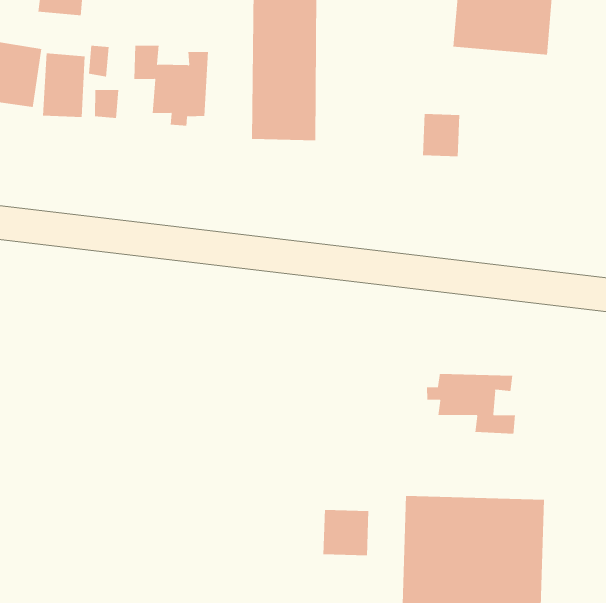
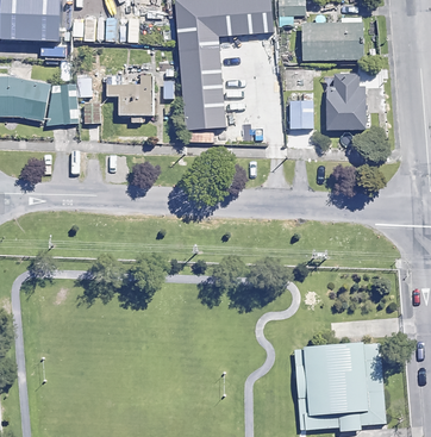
building: none -> [329,75,368,131]
building: [427,373,516,435] -> none
building: [323,509,369,556] -> none

